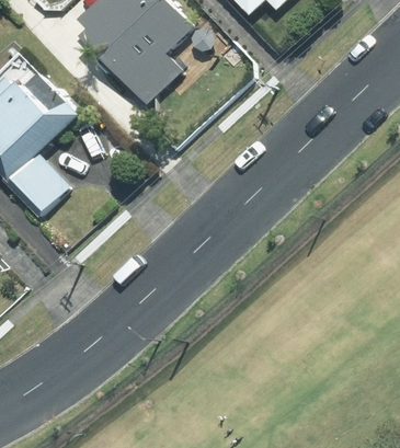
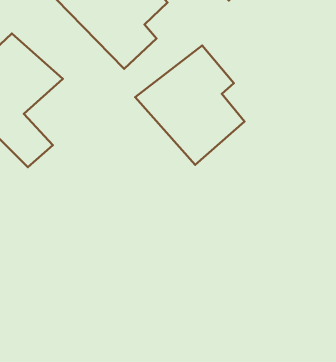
building: none -> [135,46,244,165]

